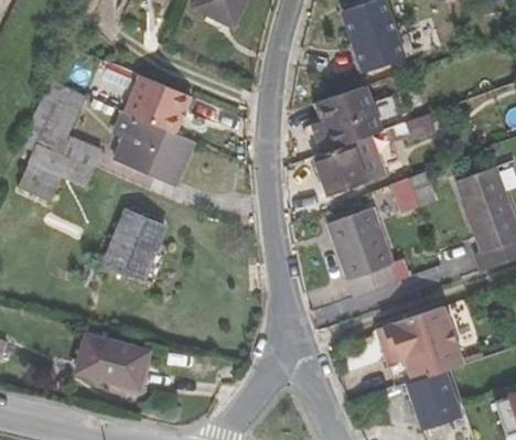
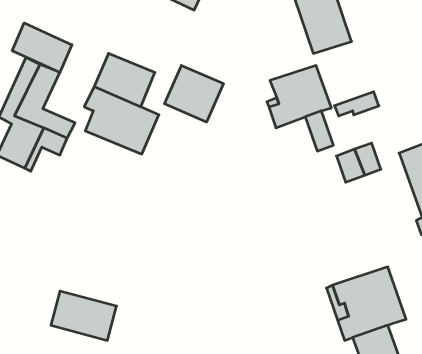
building: none -> [12,23,72,73]
building: none -> [165,65,223,122]
building: [314,142,367,195] -> none
building: [326,207,415,297] -> none
building: [104,210,165,278] -> none

